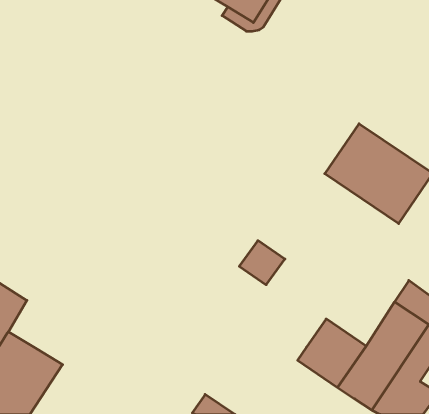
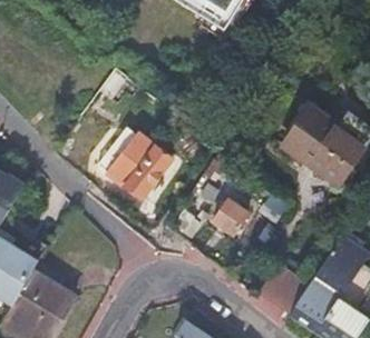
building: none -> [114,140,169,197]

